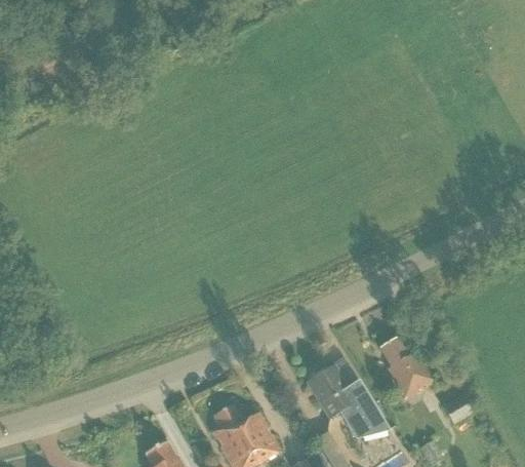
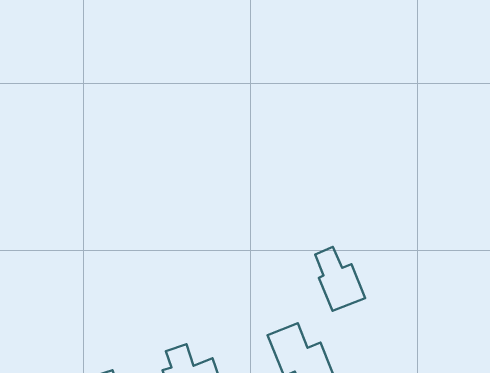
building: [380,337,435,397] -> [315,247,365,311]

